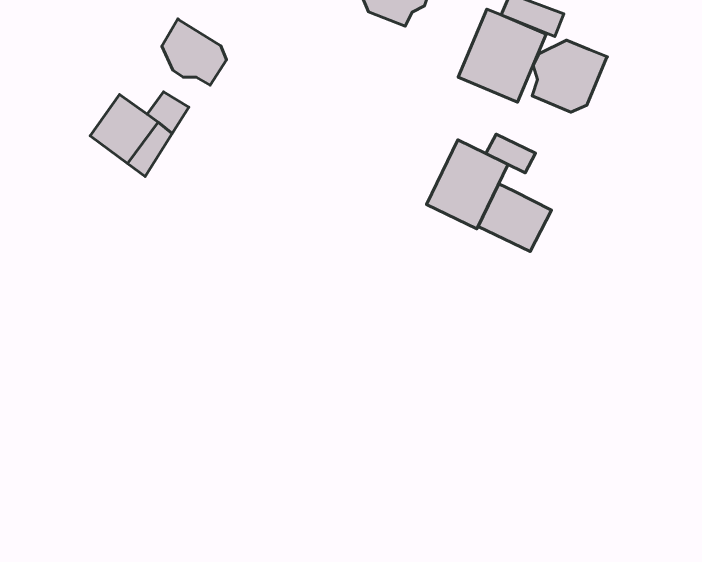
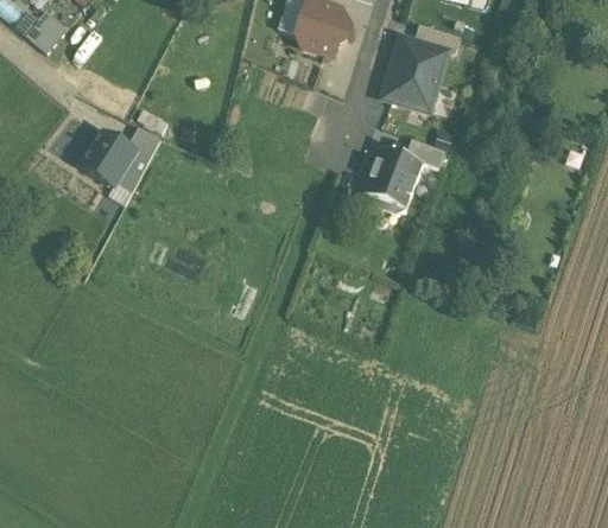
building: [162,19,227,85] -> none
building: [532,40,608,112] -> none
building: [478,184,552,252] -> none

